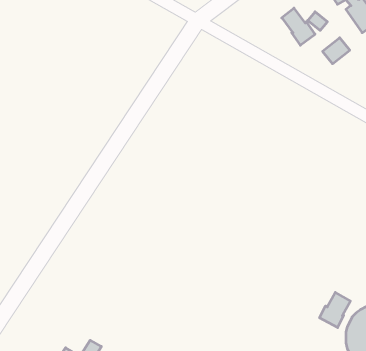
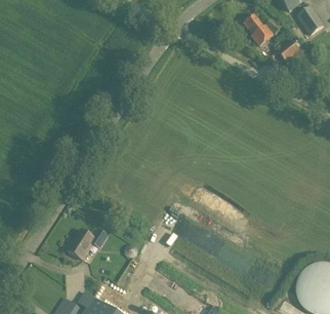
building: none -> [66,229,107,260]
building: [320,292,350,328] -> none

